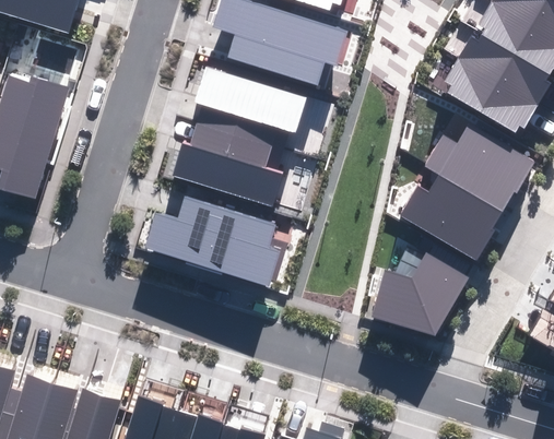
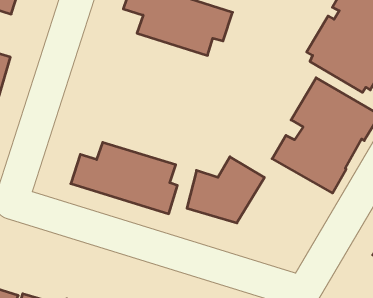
building: [173,68,307,206] -> none
building: [372,252,470,336] -> [187,157,264,223]

